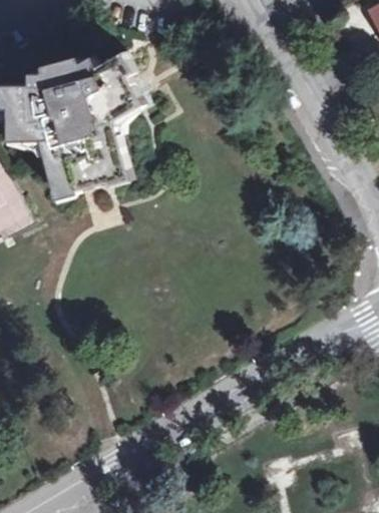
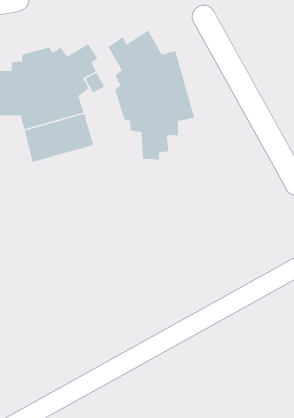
building: none -> [108,30,195,161]

